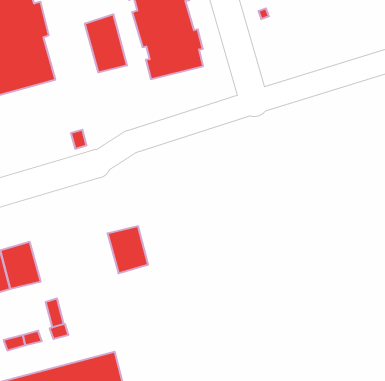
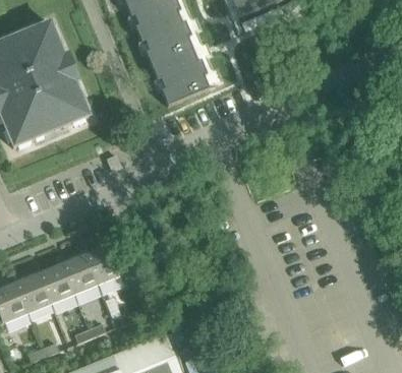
building: [85,14,127,72] -> none
building: [107,226,148,273] -> [87,243,123,284]

